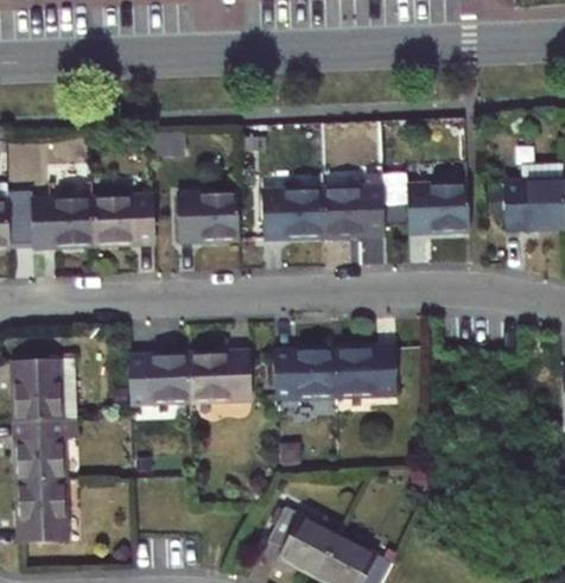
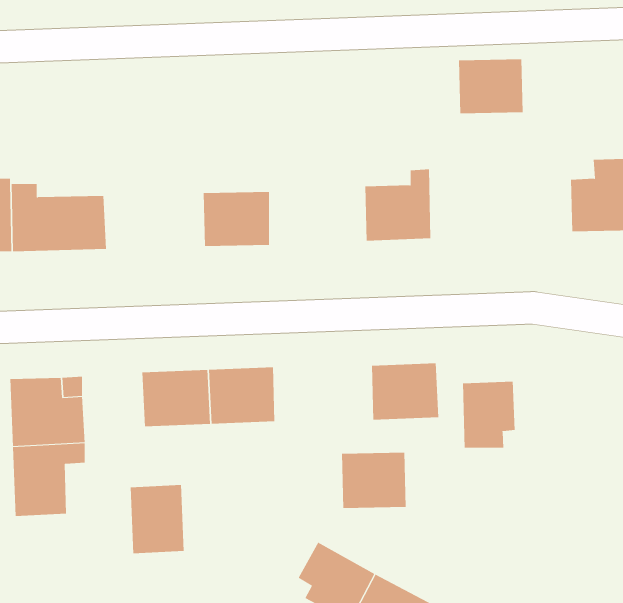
building: [411,185,469,234] -> [458,59,524,114]
building: [265,189,326,239] -> none
building: [94,195,158,245] -> none
building: [274,348,332,398] -> [341,452,407,508]
building: none -> [463,381,515,449]
building: [14,480,63,541] -> [130,484,185,554]

